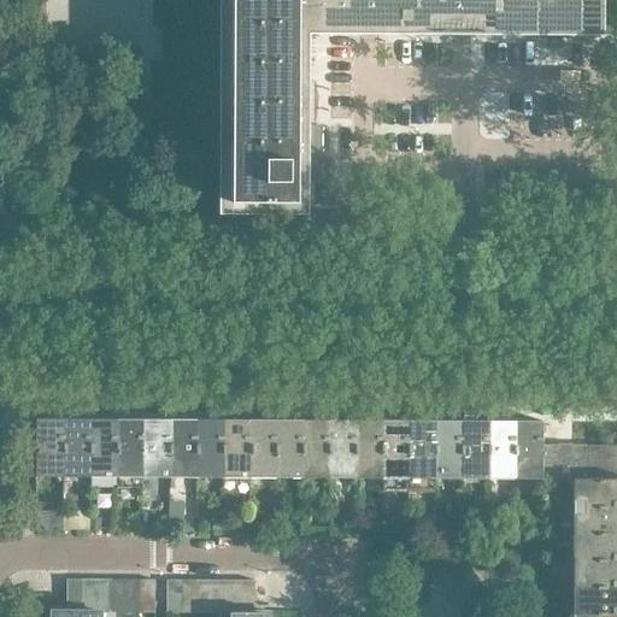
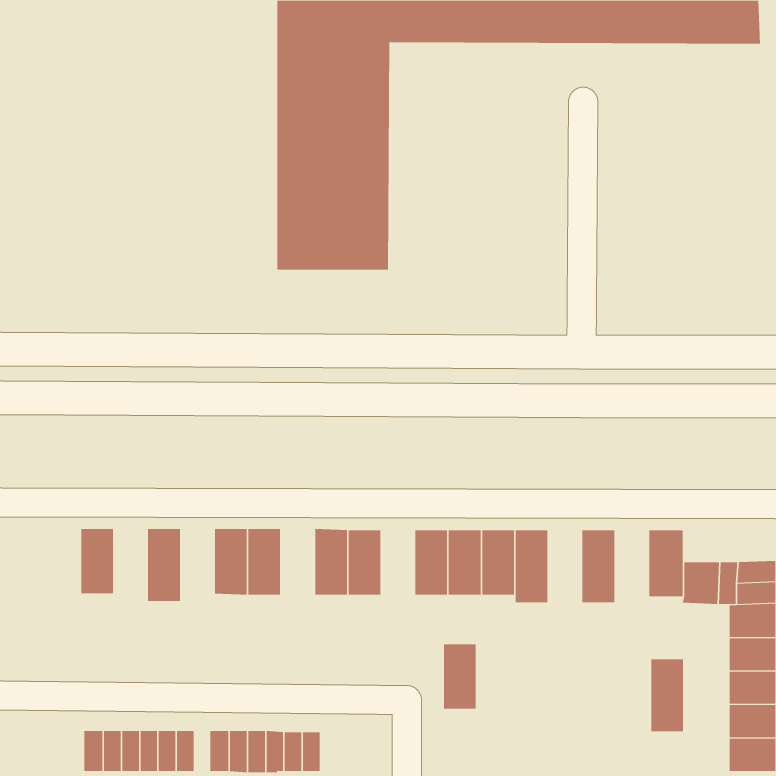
building: [36,419,64,477] -> none
building: [90,419,117,477] -> none
building: [143,419,170,471] -> none
building: [223,419,249,472] -> none
building: [302,421,329,472] -> [443,644,476,709]
building: [435,421,462,478] -> none
building: [488,421,515,478] -> [650,659,684,732]

